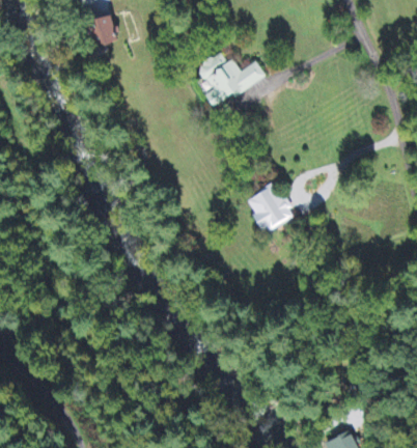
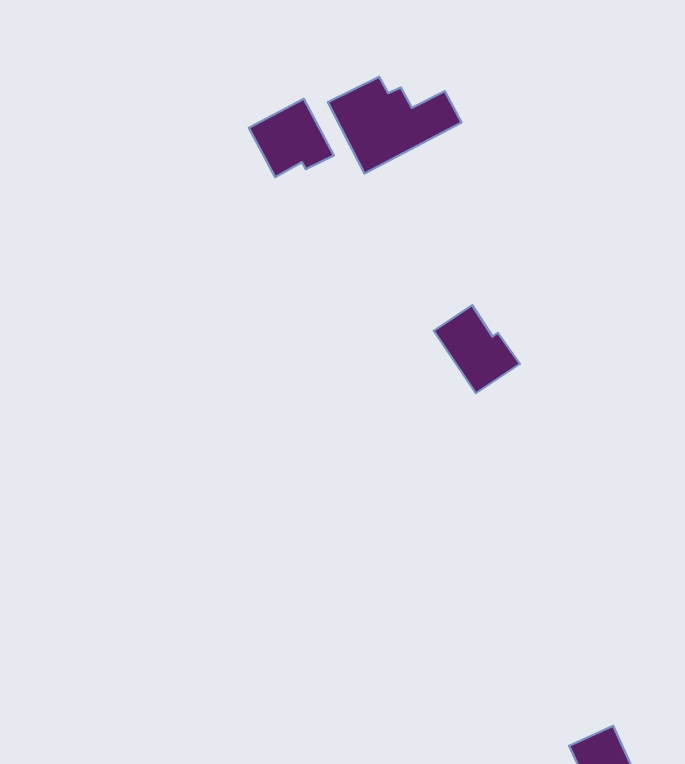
building: [84,16,117,48] -> none
building: none -> [249,99,334,177]

